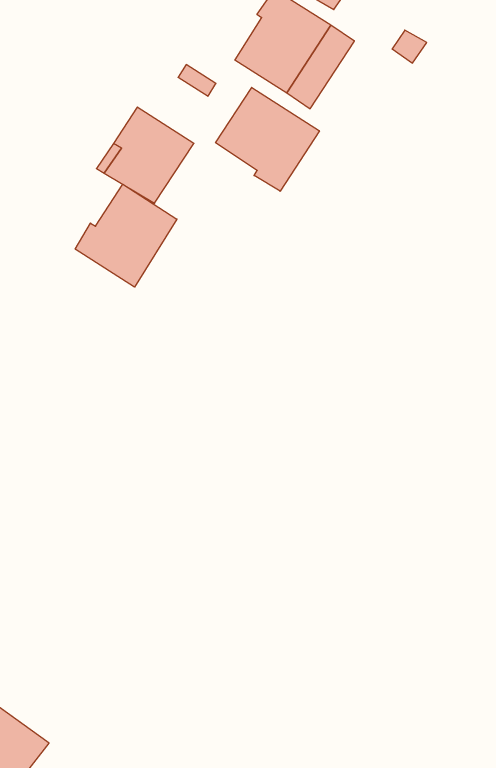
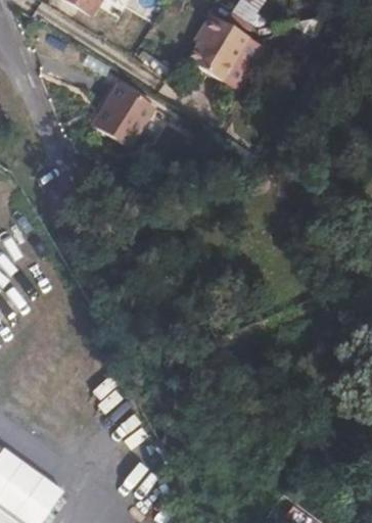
building: [216,87,319,191] -> none
building: [75,184,177,287] -> none

